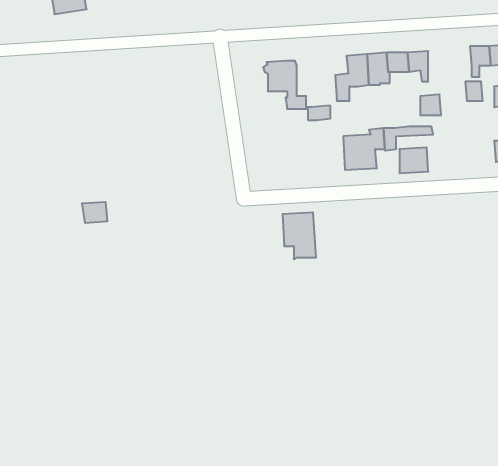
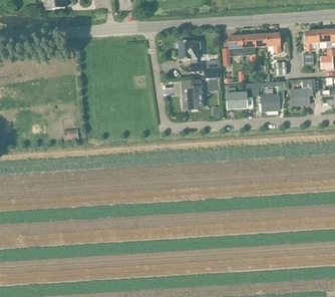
building: none -> [291,77,313,104]
building: [283,212,316,259] -> [182,79,203,108]

